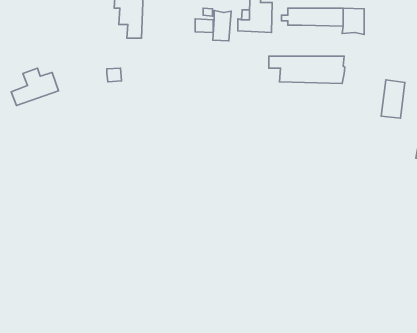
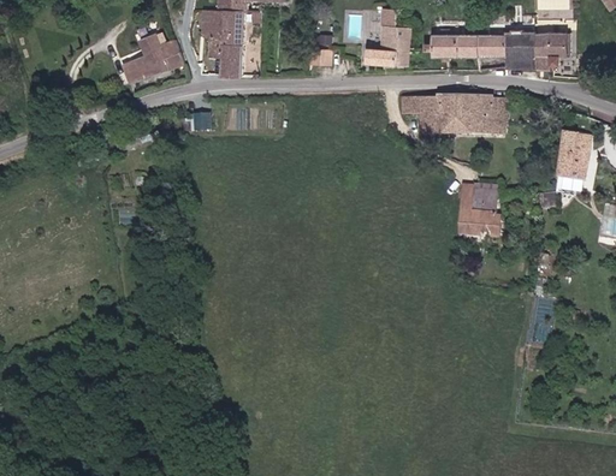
building: none -> [533,34,565,72]
building: [213,10,231,41] -> none
building: [11,68,58,105] -> [122,32,184,82]
building: none -> [466,185,497,233]

